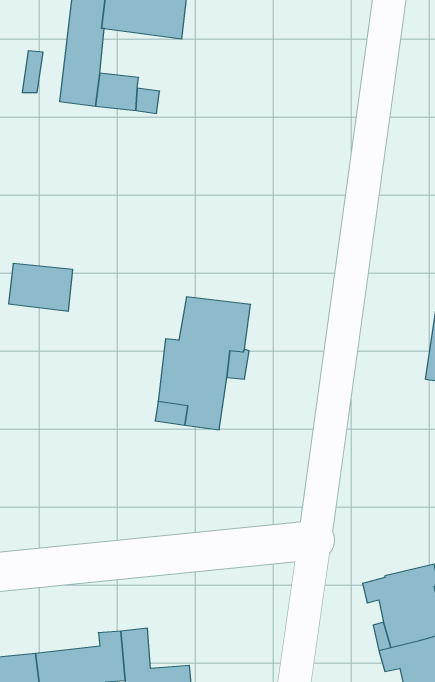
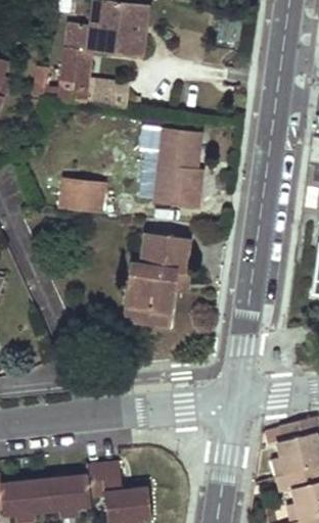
building: none -> [154,128,202,208]
building: [9,264,73,311] -> [60,180,104,212]

